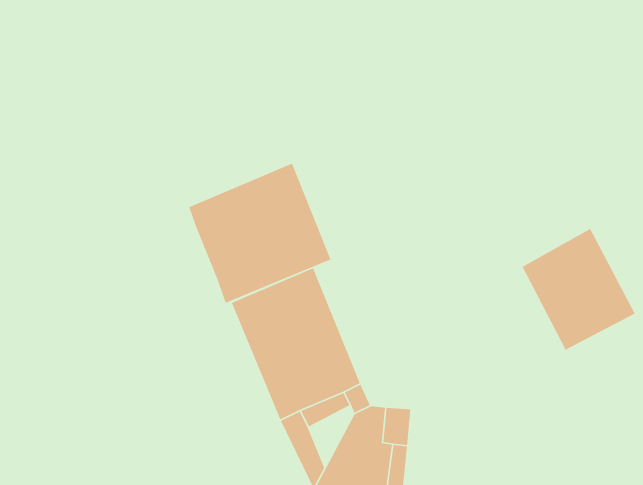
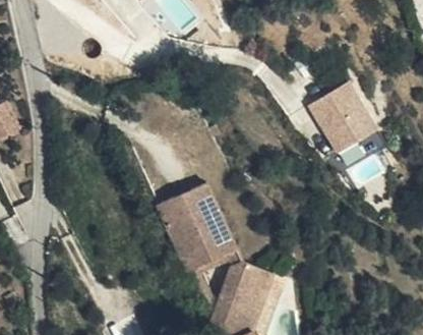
building: [188,163,332,304] -> none
building: [521,228,636,351] -> [314,74,383,149]

